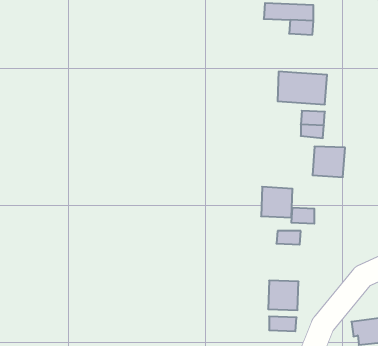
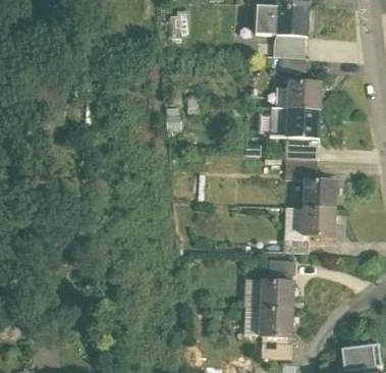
building: none -> [288,79,320,109]
building: [261,187,293,217] -> [302,206,333,235]
building: none -> [262,279,291,309]

